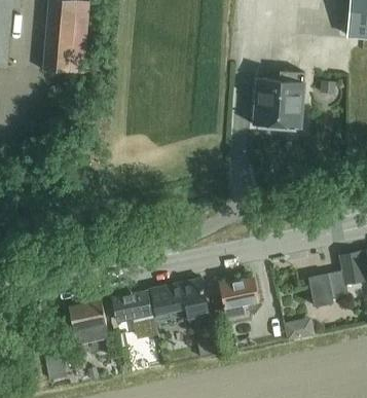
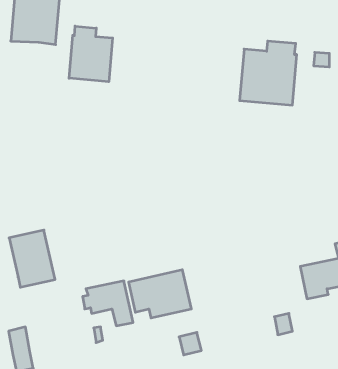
building: none -> [69,26,113,82]
building: [221,277,258,320] -> none
building: [69,300,111,353] -> [9,230,55,287]

